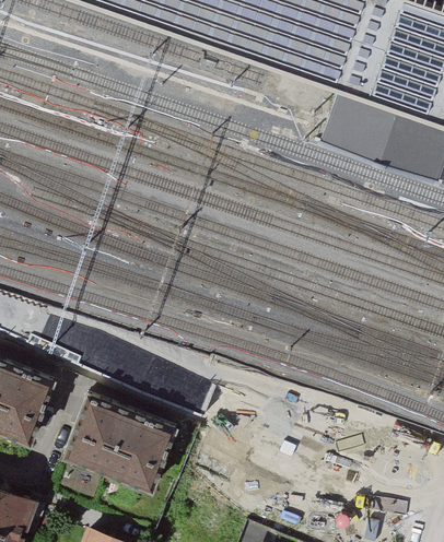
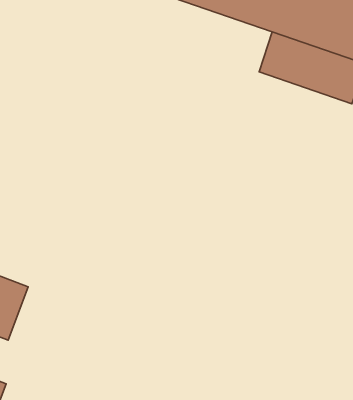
building: [66,396,182,491] -> none

